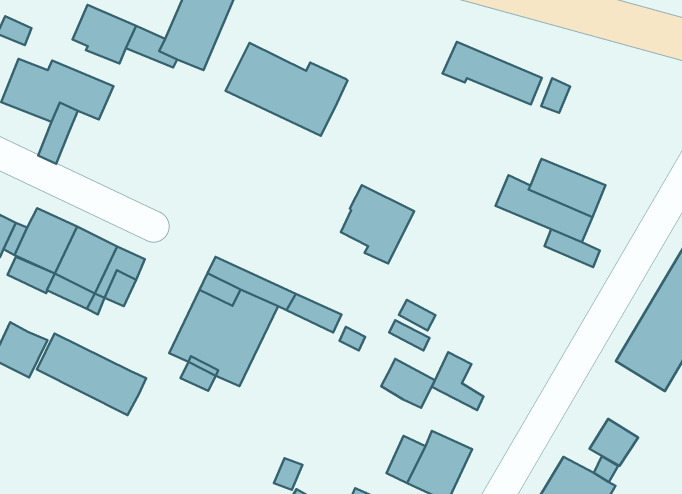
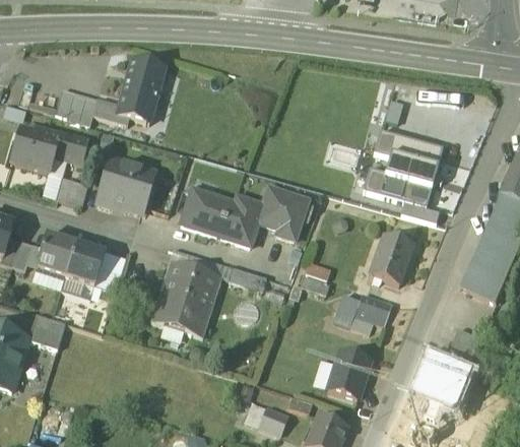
building: [442,42,542,104] -> [374,128,443,165]
building: [226,43,347,136] -> [181,188,264,246]
building: none -> [100,159,154,211]
building: none -> [56,177,85,206]
building: none -> [370,235,414,285]
building: [37,334,146,415] -> none
building: [381,359,435,408] -> [356,295,393,326]

